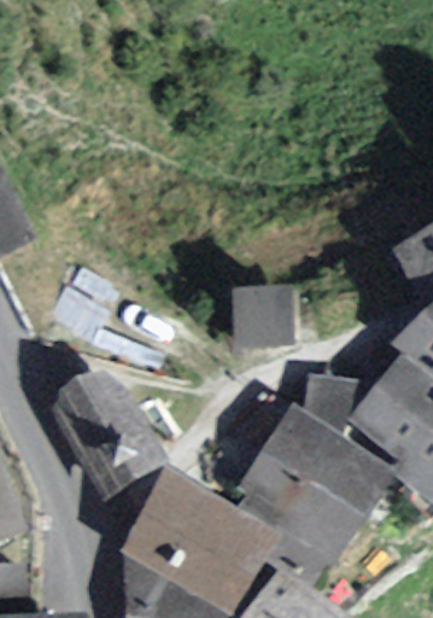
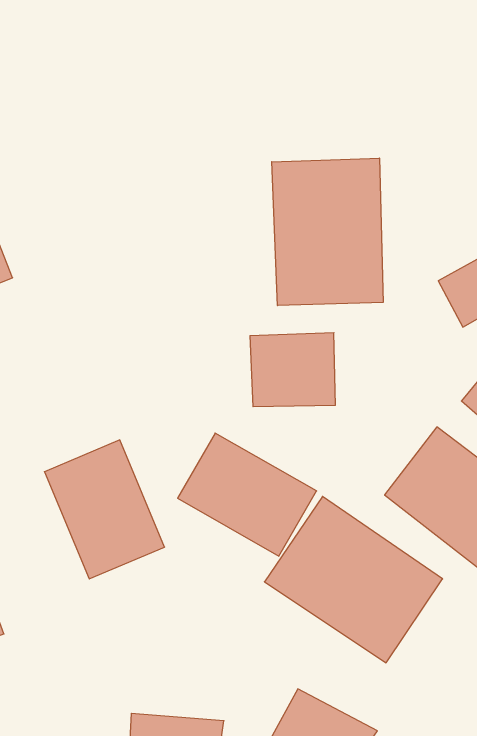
building: none -> [272,158,383,306]
building: [131,488,247,590] -> [178,433,317,556]

